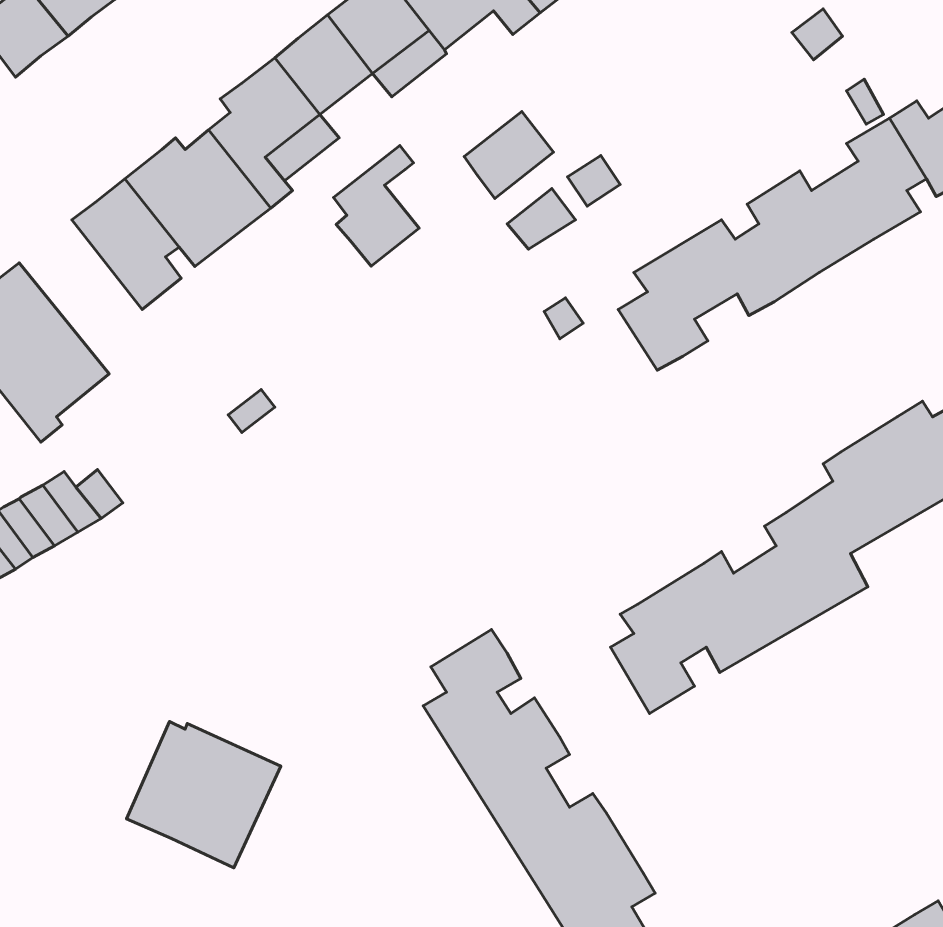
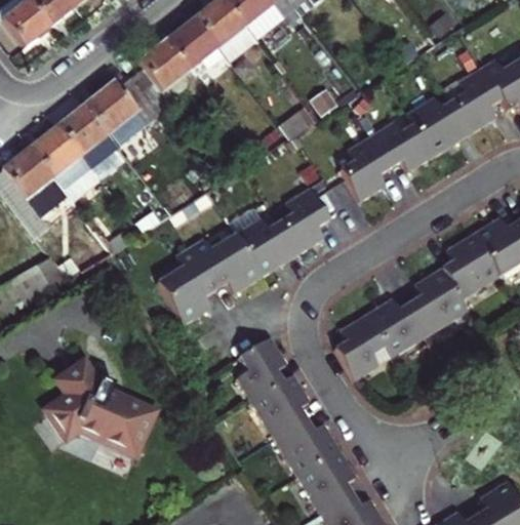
building: [464,112,554,199] -> none
building: [333,145,419,266] -> none
building: none -> [24,122,98,203]
building: none -> [158,188,329,325]
building: none -> [41,356,115,447]

